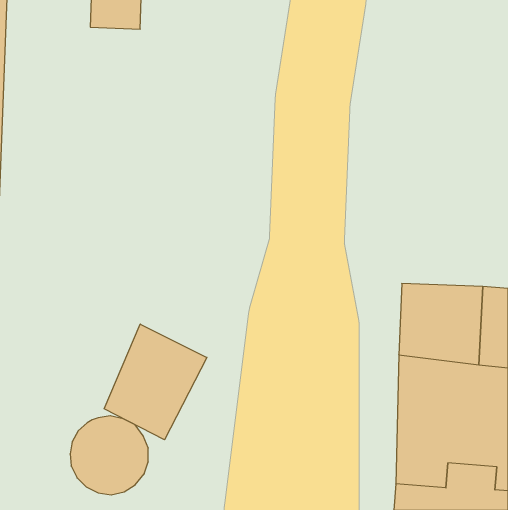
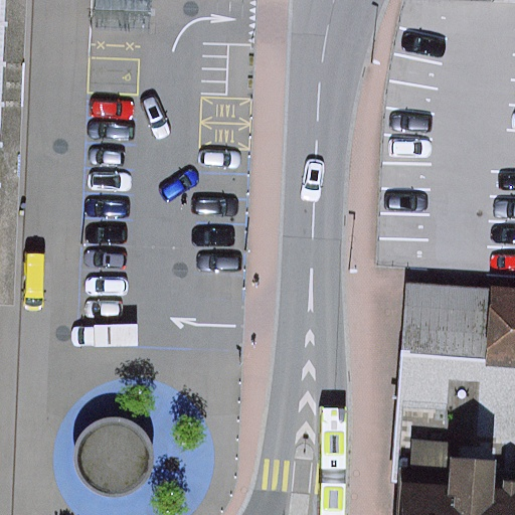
building: [104,324,207,440] -> none

